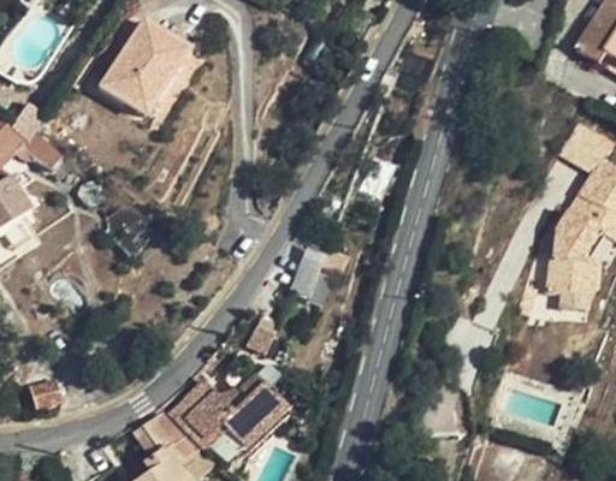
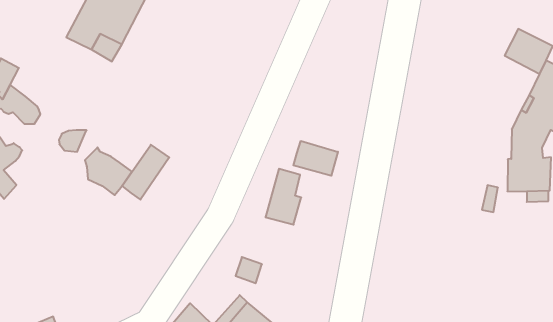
building: none -> [122,145,169,200]
building: none -> [293,141,338,176]

